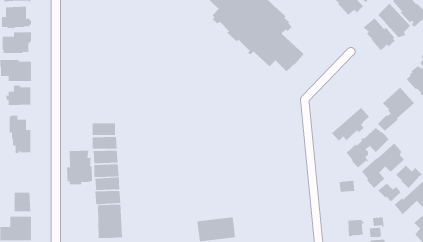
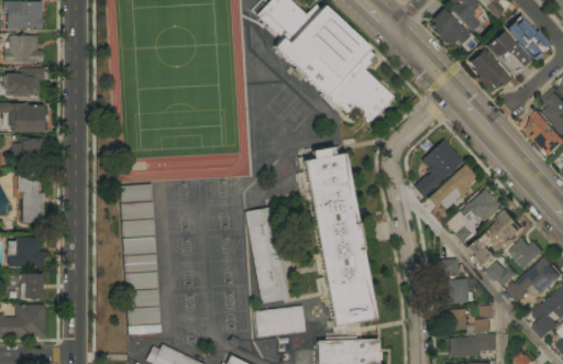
building: [377,87,415,131] -> [415,139,463,196]
building: none -> [303,146,376,327]
building: none -> [245,206,289,302]
building: [67,150,93,185] -> none
building: none -> [8,236,43,266]
building: none -> [442,277,475,304]

